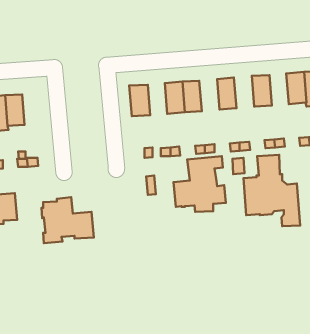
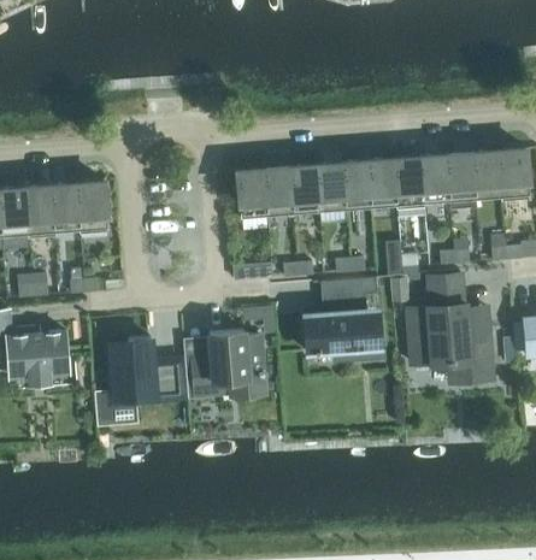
building: none -> [446,152,476,211]
building: none -> [393,155,424,210]
building: none -> [341,160,371,208]
building: none -> [264,166,293,214]
building: none -> [76,181,107,234]
building: none -> [192,330,264,396]

